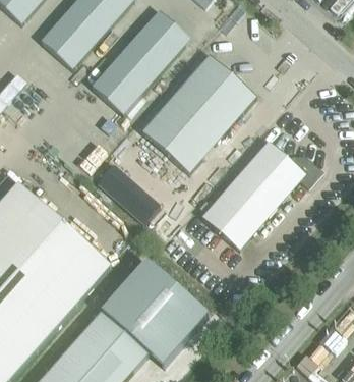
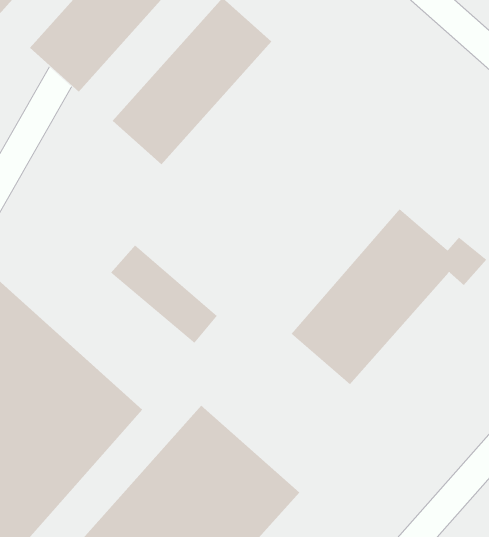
building: [142,54,257,172] -> none

